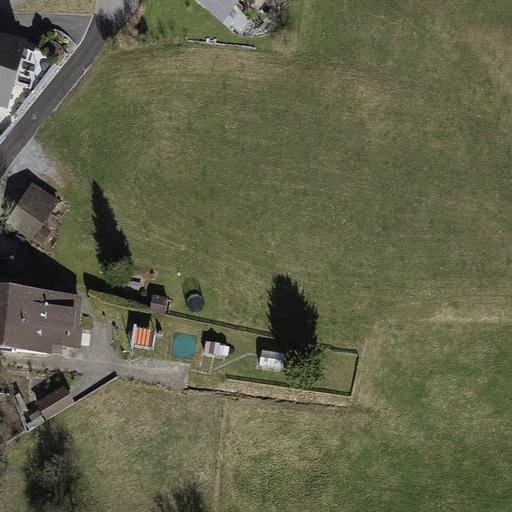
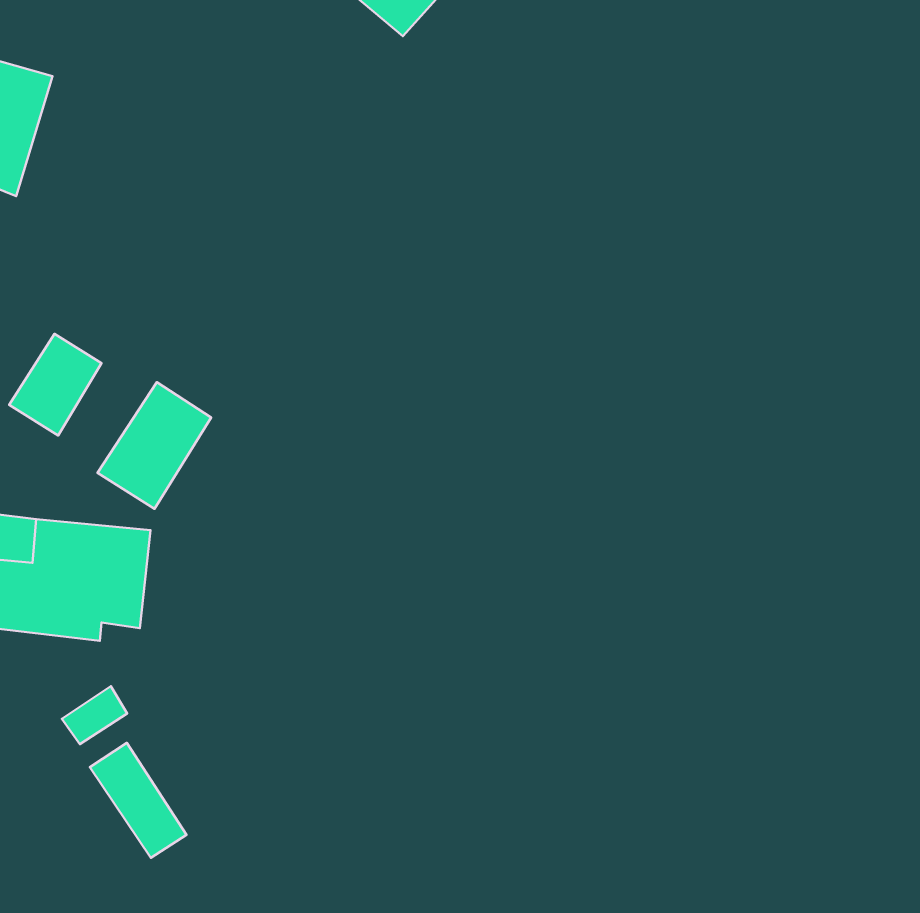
building: none -> [97,382,211,509]
building: none -> [90,743,186,858]

